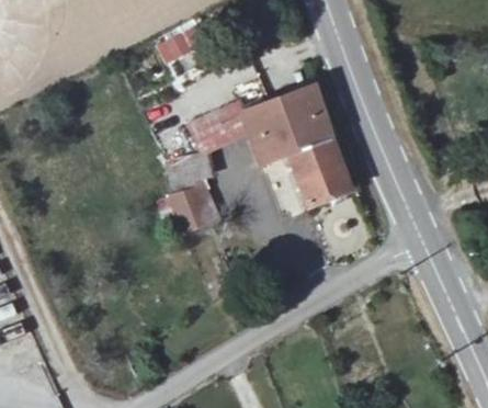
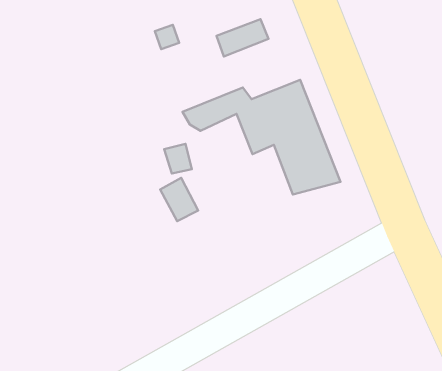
building: none -> [217,19,269,56]

